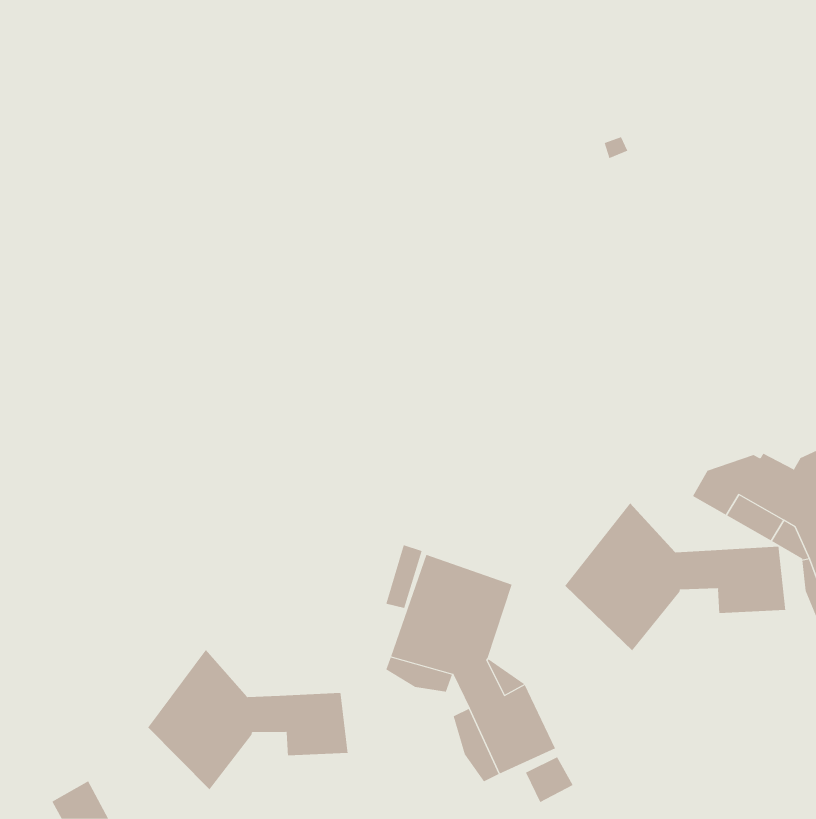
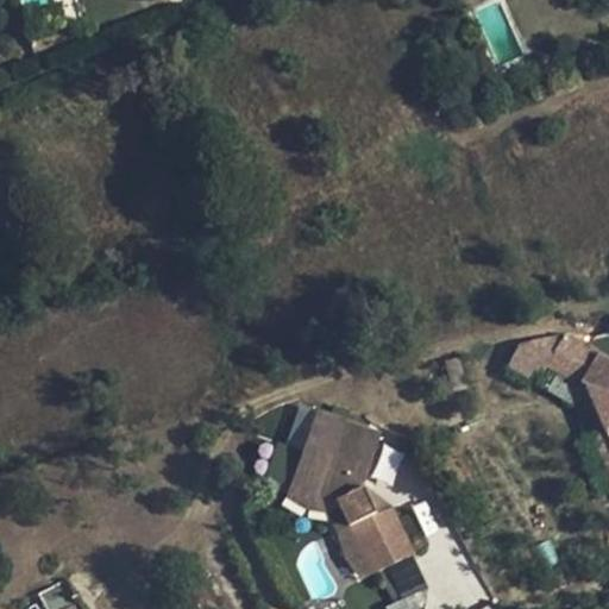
building: [565,502,786,651] -> none
building: [148,649,348,790] -> none

